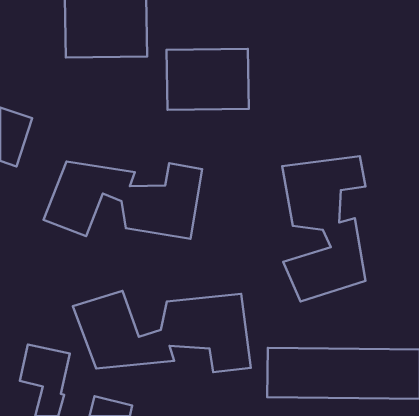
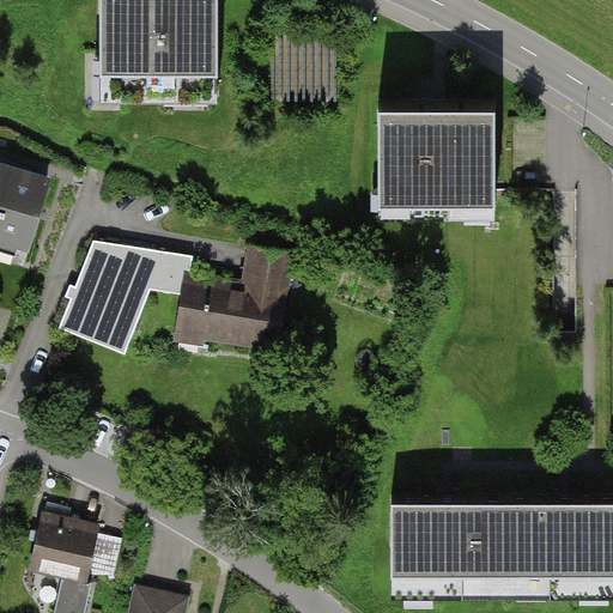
building: [167,49,249,110] -> [375,121,494,210]
building: [282,156,366,301] -> none
building: [73,291,251,372] -> none

